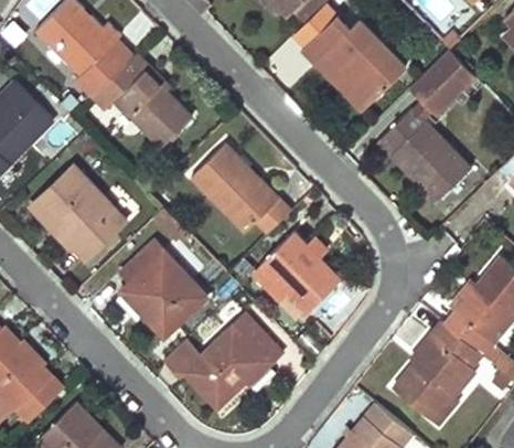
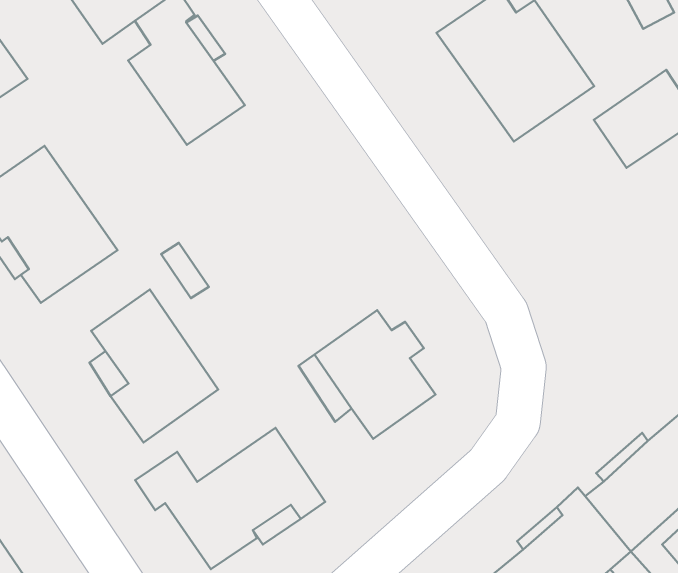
building: [379,110,471,203] -> none
building: [192,146,291,235] -> none

